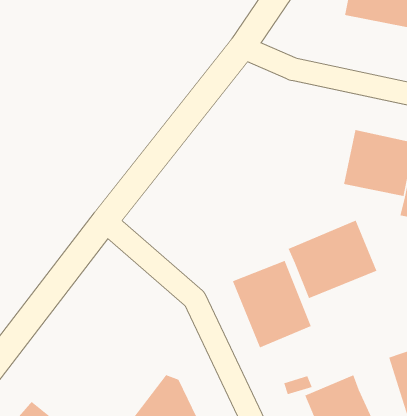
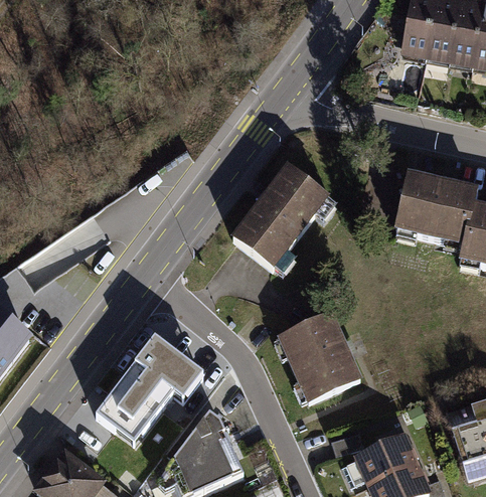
building: none -> [231,163,330,268]
building: [288,220,377,299] -> none
building: none -> [97,346,198,447]

